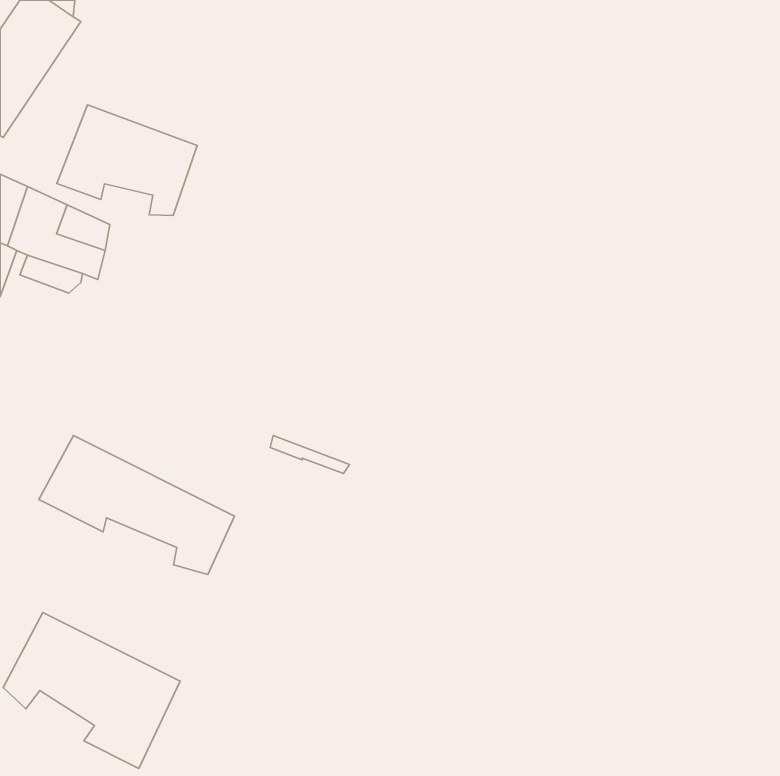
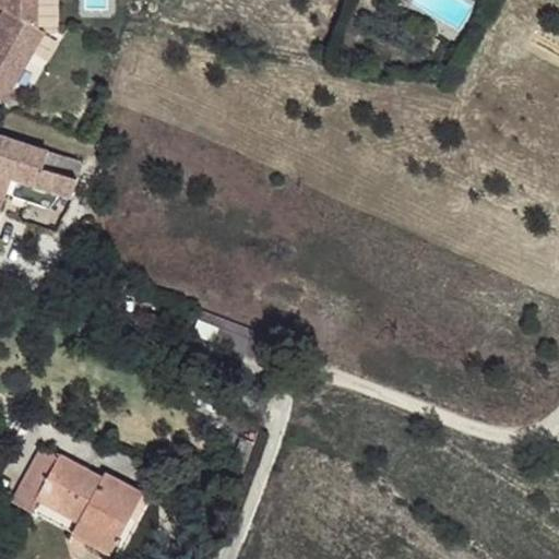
building: [57,105,197,215] -> none
building: [39,436,234,575] -> none

